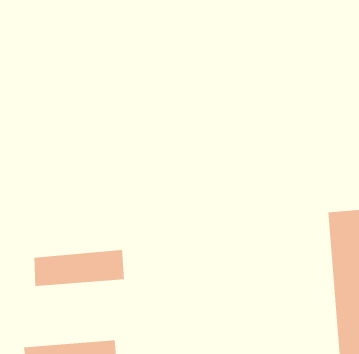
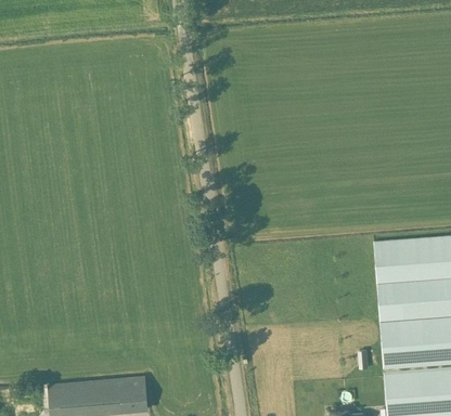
building: [34,249,125,287] -> none

